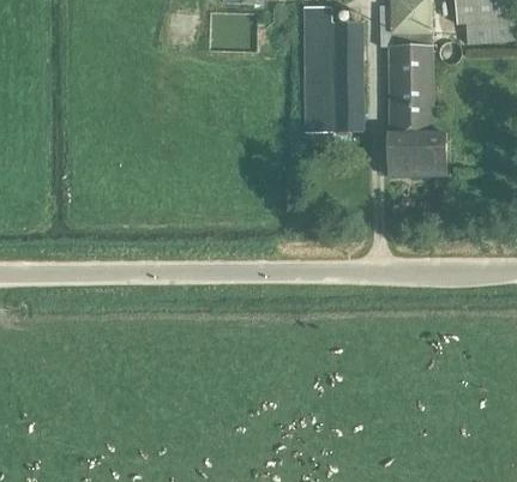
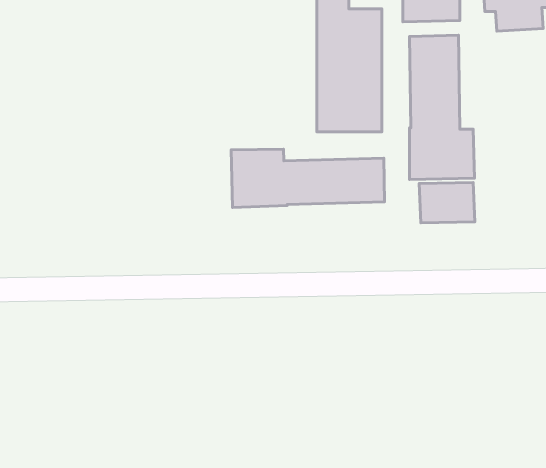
building: none -> [231,149,384,208]
building: none -> [419,182,475,223]

